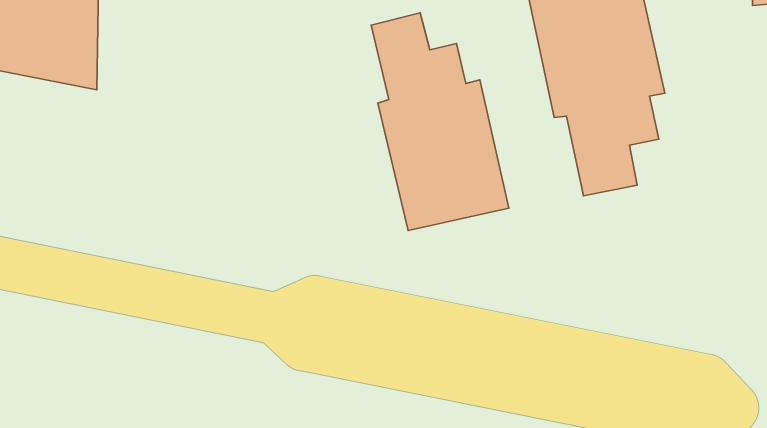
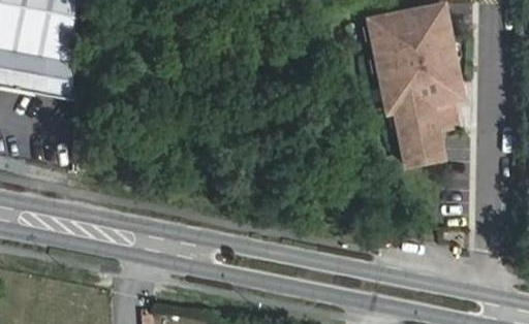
building: [371,13,509,231] -> none

